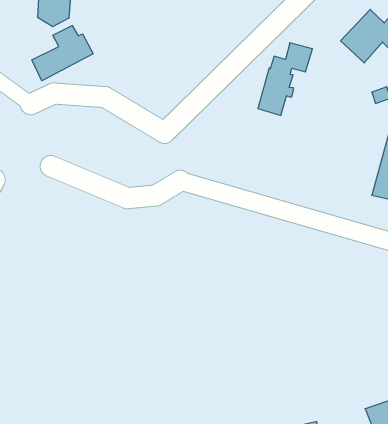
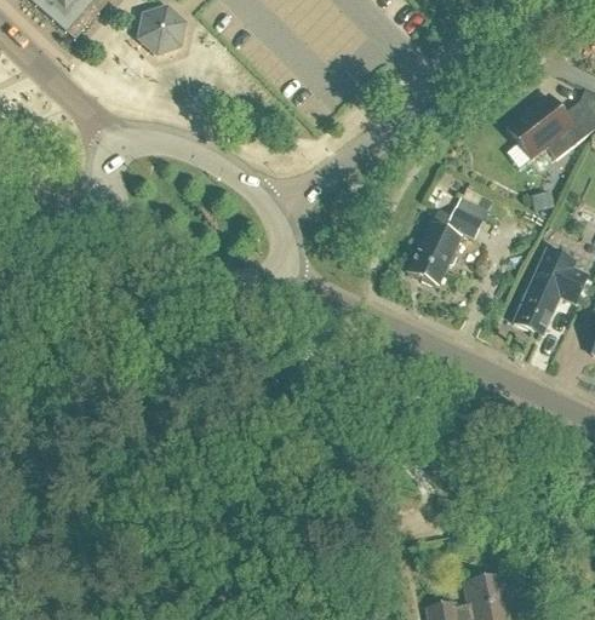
building: [32,26,93,81] -> none
building: [258,43,313,115] -> [410,196,488,283]

